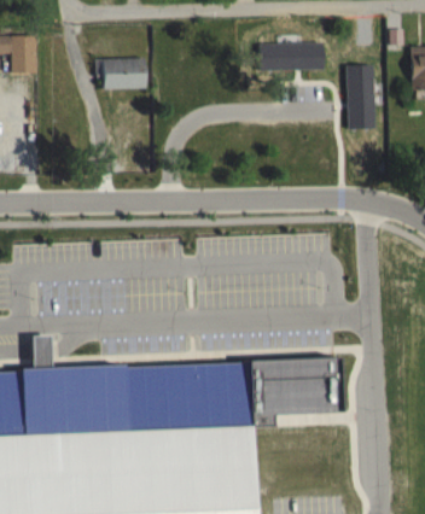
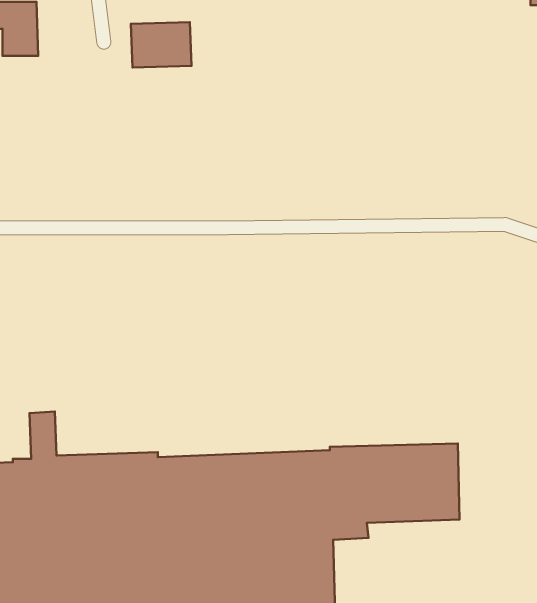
building: [257,48,324,77] -> none
building: [345,71,373,135] -> none

